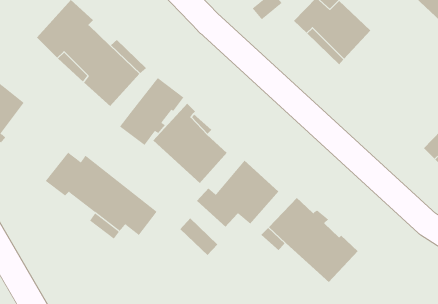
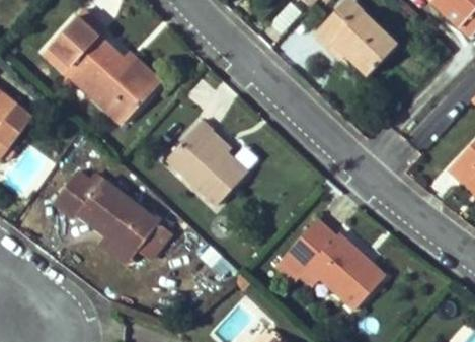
building: [119,77,184,146] -> none
building: [196,160,279,227] -> none

